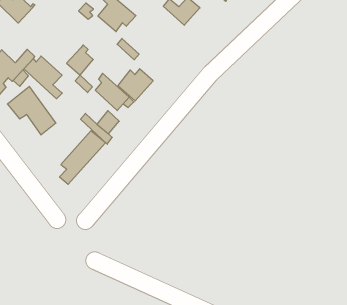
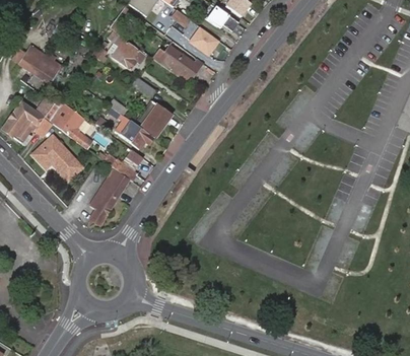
building: none -> [154,46,203,80]
building: [67,45,93,75] -> [35,54,60,83]

